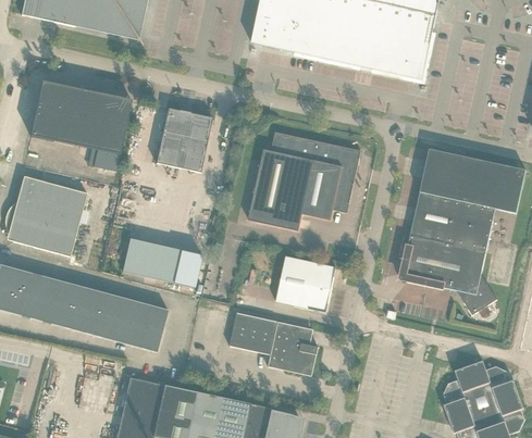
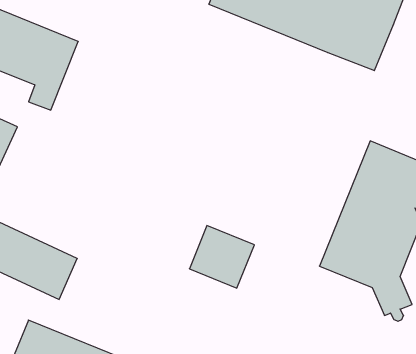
building: [157,109,212,172] -> none
building: [248,132,361,230] -> none
building: [124,239,203,287] -> none
building: [230,312,319,375] -> none

